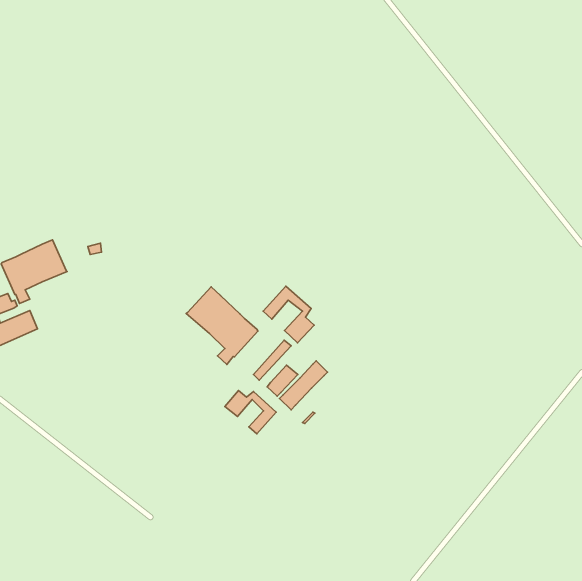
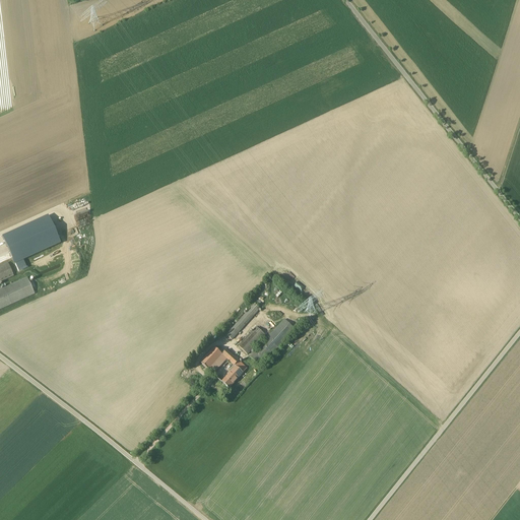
building: [263,286,314,343] -> none
building: [186,287,258,364] -> none

